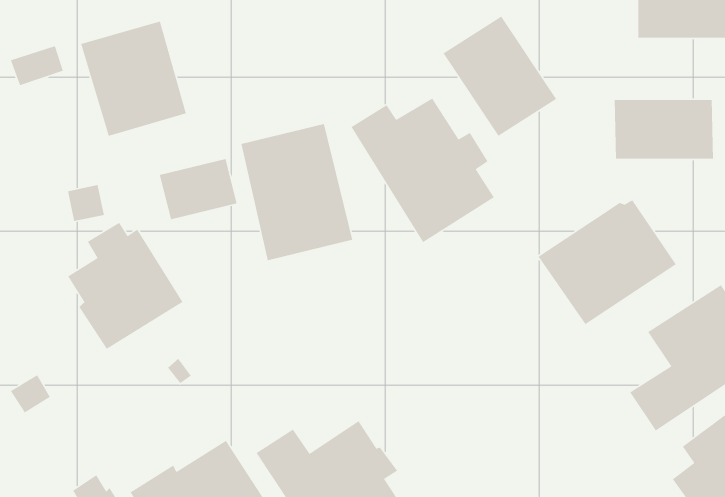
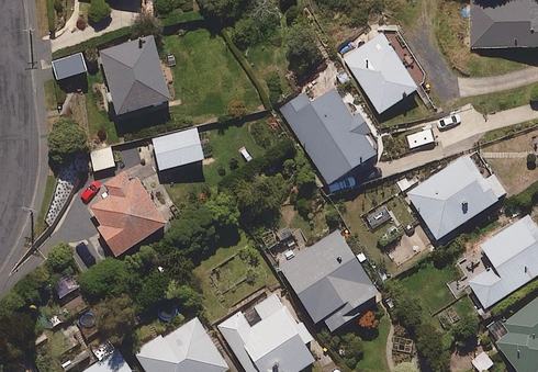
building: [614,99,714,159] -> none
building: [241,123,353,261] -> none
building: none -> [278,230,378,332]

